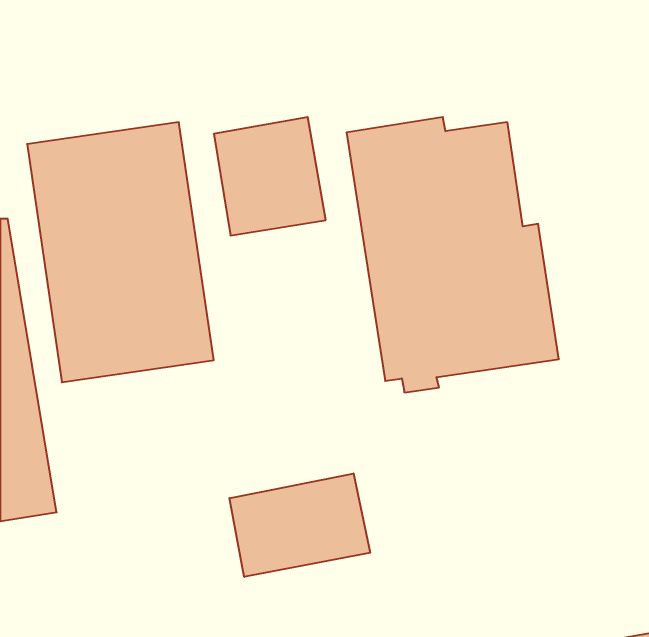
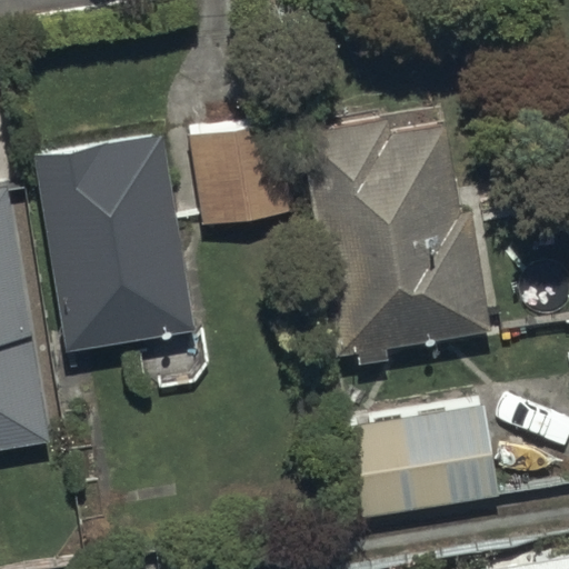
building: none -> [346,402,502,517]
building: [229,473,370,577] -> none

